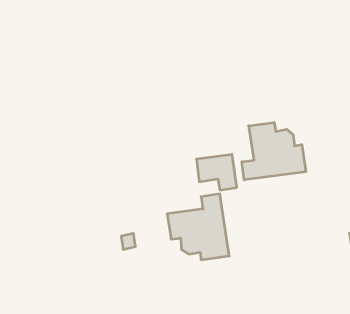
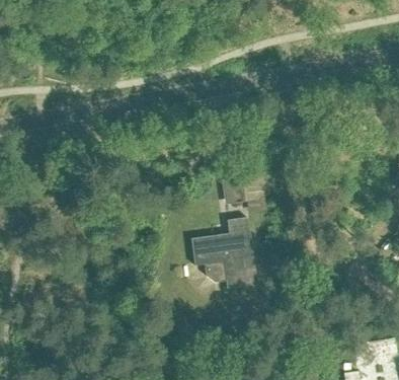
building: [242,122,306,180] -> none

